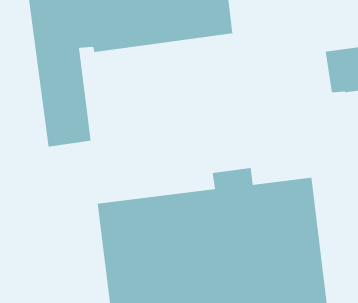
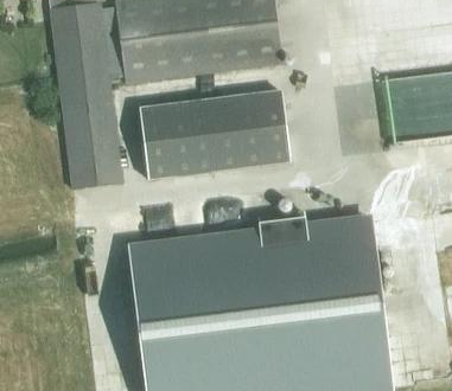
building: none -> [139,90,288,179]

